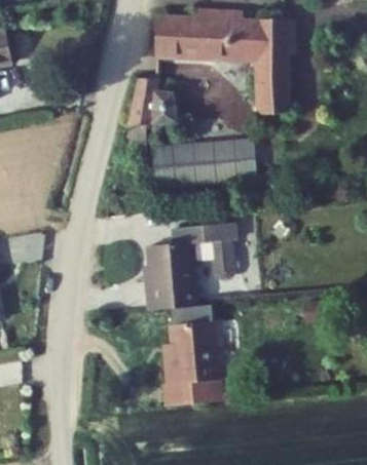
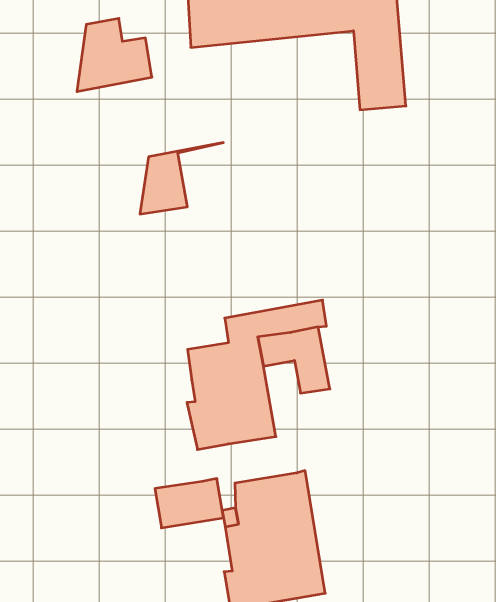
building: [130,81,177,124] -> [77,18,152,92]
building: [154,138,259,185] -> none
building: [164,303,206,331] -> [155,479,224,528]

